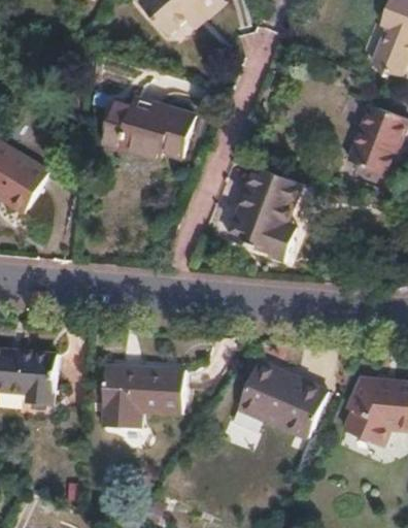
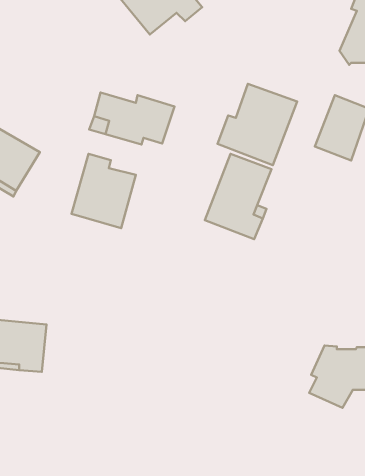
building: none -> [217,84,297,165]
building: none -> [71,154,136,228]
building: [229,364,324,434] -> none
building: [103,367,183,429] -> none

